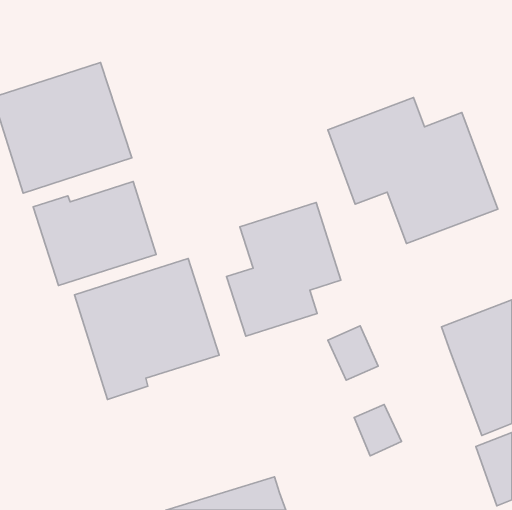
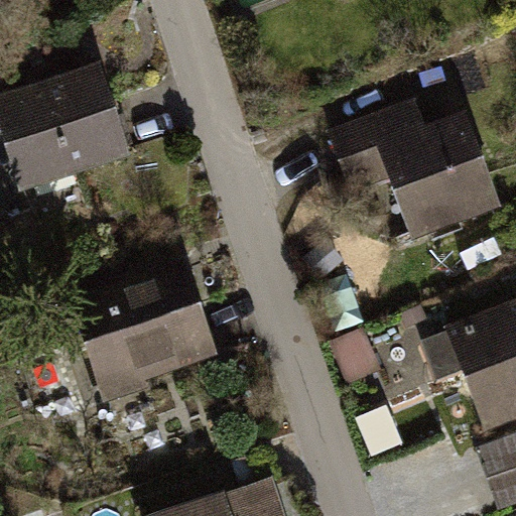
building: [33,182,156,285] -> none
building: [226,202,341,336] -> none

